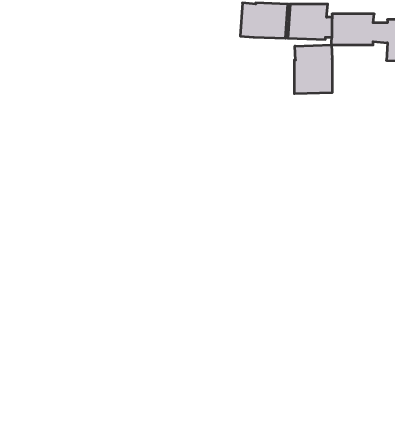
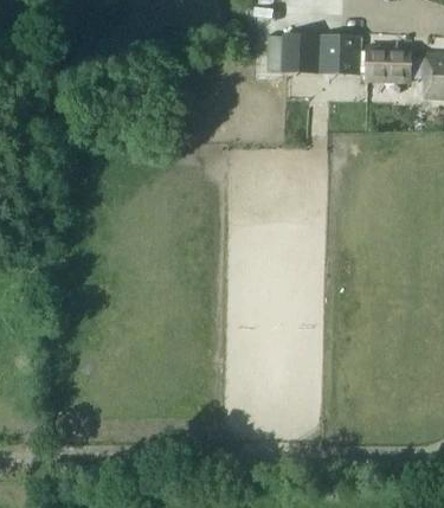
building: [294,45,332,94] -> none

